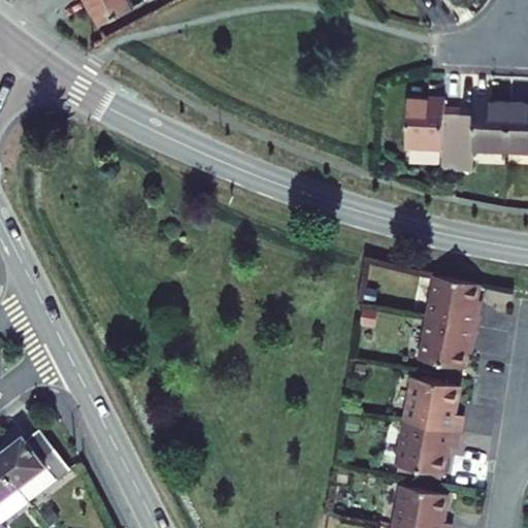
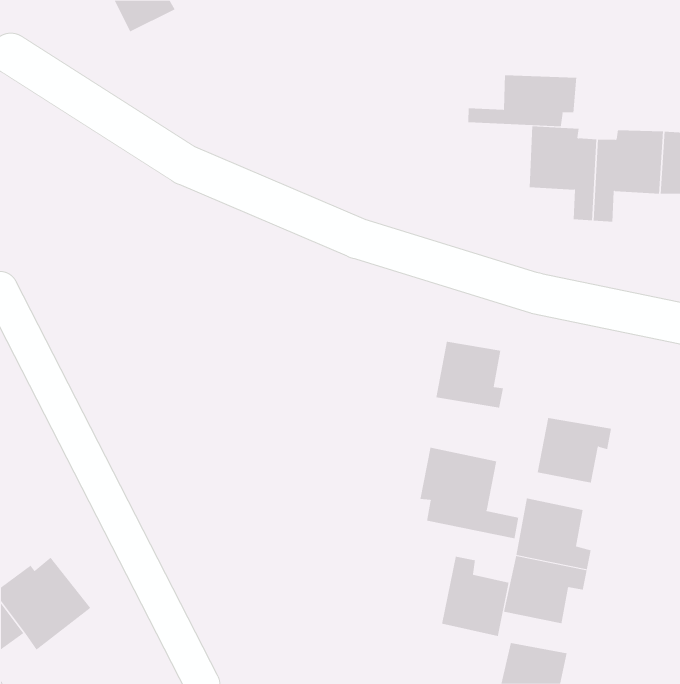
building: none -> [468,74,577,127]
building: [425,278,477,330] -> [436,341,504,408]
building: none -> [420,447,519,539]
building: none -> [442,556,509,637]

